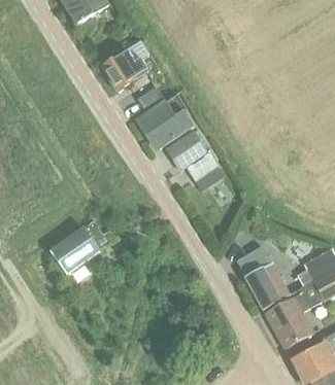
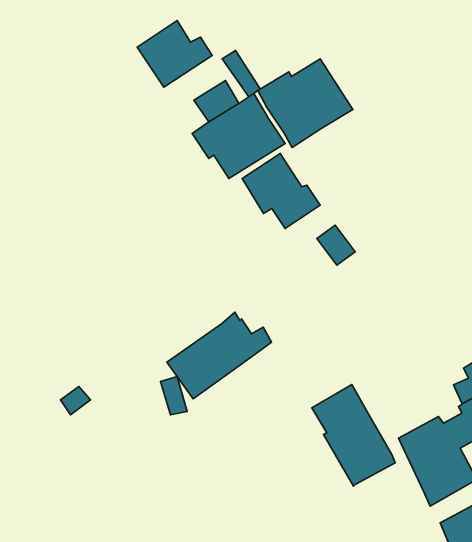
building: none -> [258,59,353,147]
building: [51,219,115,273] -> [167,312,272,399]
building: [237,245,289,308] -> [312,385,395,486]

